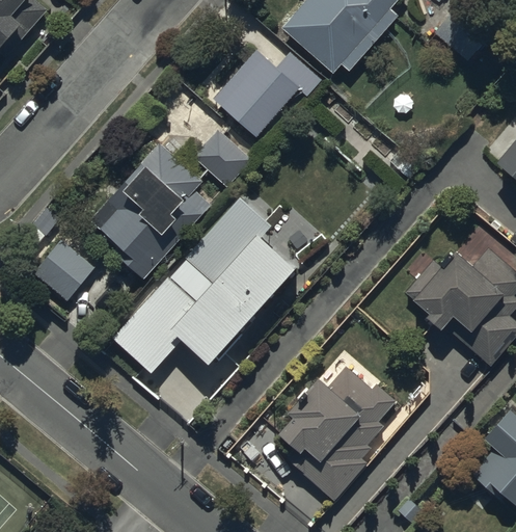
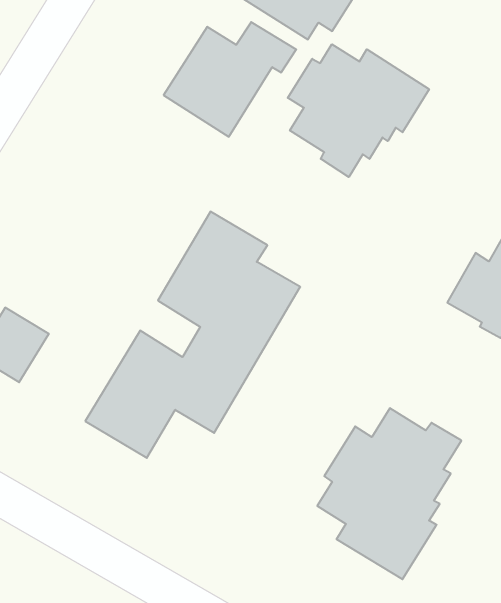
building: none -> [288,44,429,177]
building: [196,132,252,187] -> none
building: [88,140,209,278] -> none

